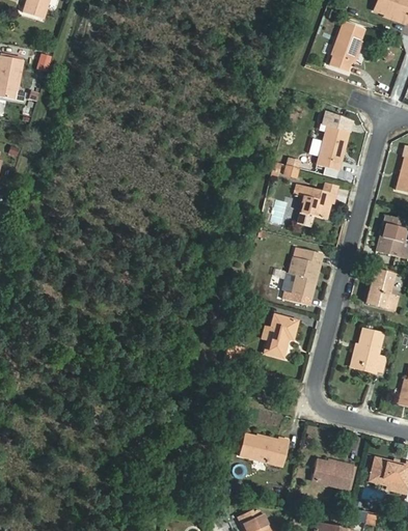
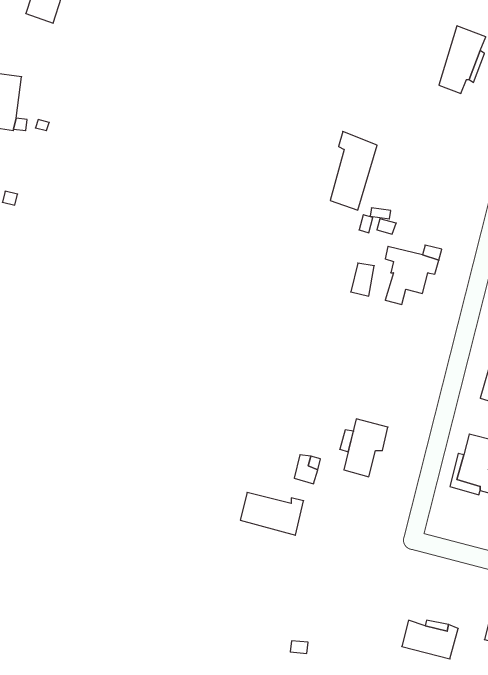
building: [318,112,353,171] -> [330,131,377,210]
building: [280,248,323,304] -> none
building: [240,434,288,466] -> [240,492,304,535]

